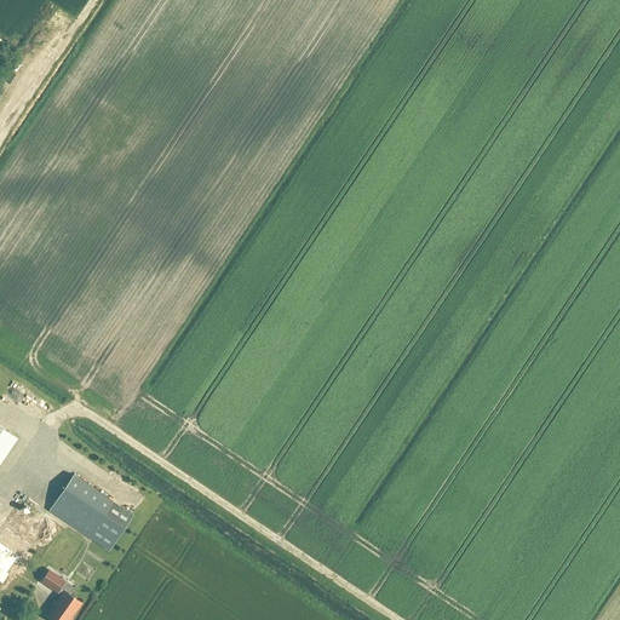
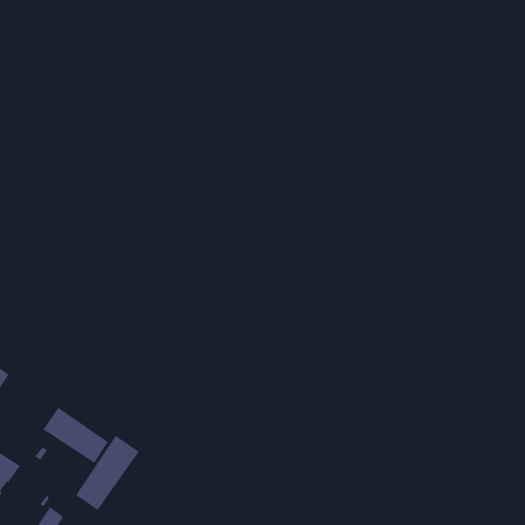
building: none -> [75,435,140,511]

